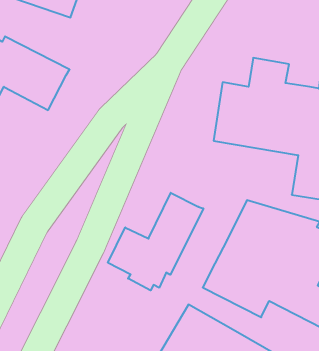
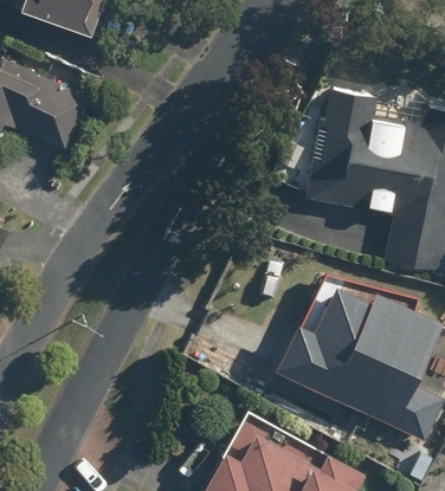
building: [108,193,203,290] -> none

